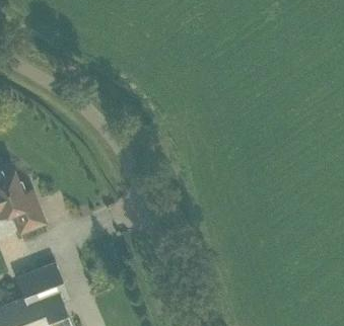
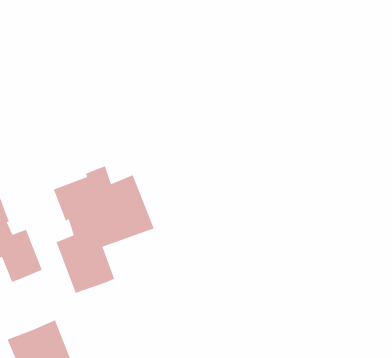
building: none -> [53,165,155,294]

